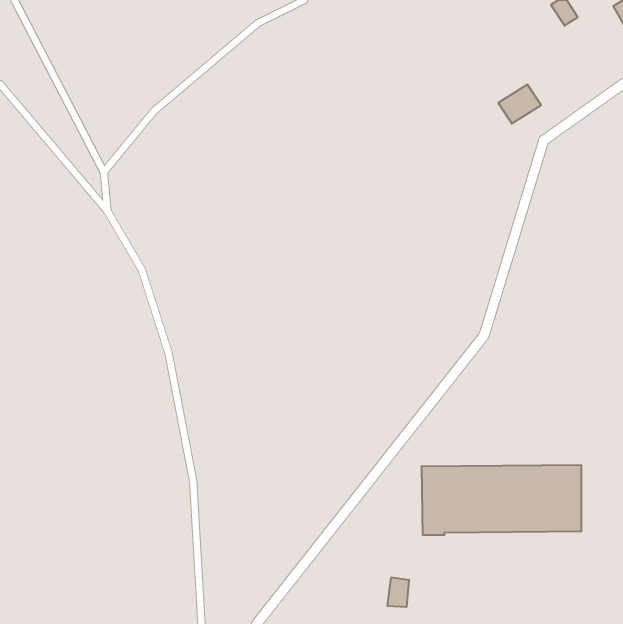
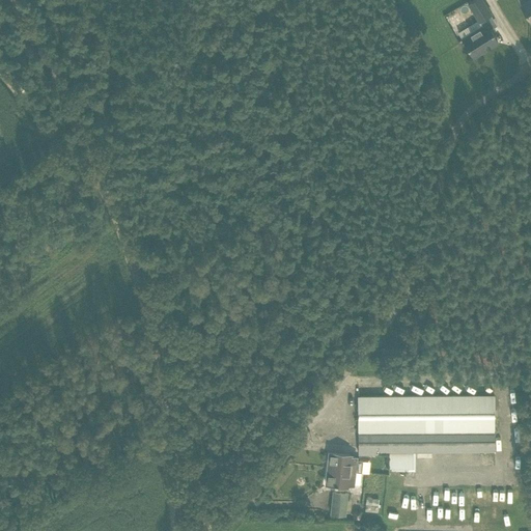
building: [498,85,541,124] -> [463,24,499,57]
building: none -> [326,453,371,486]

